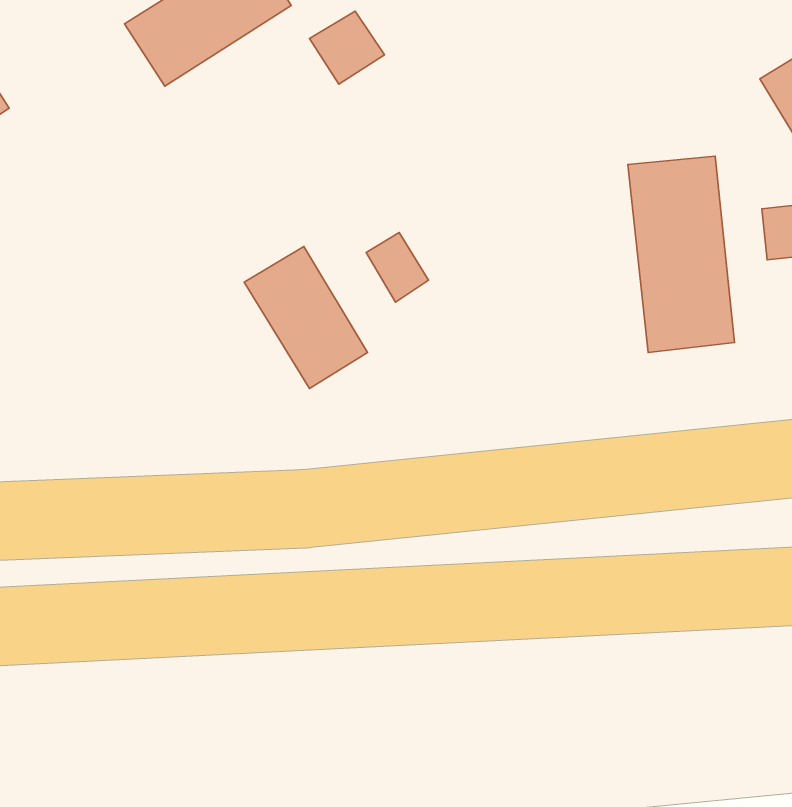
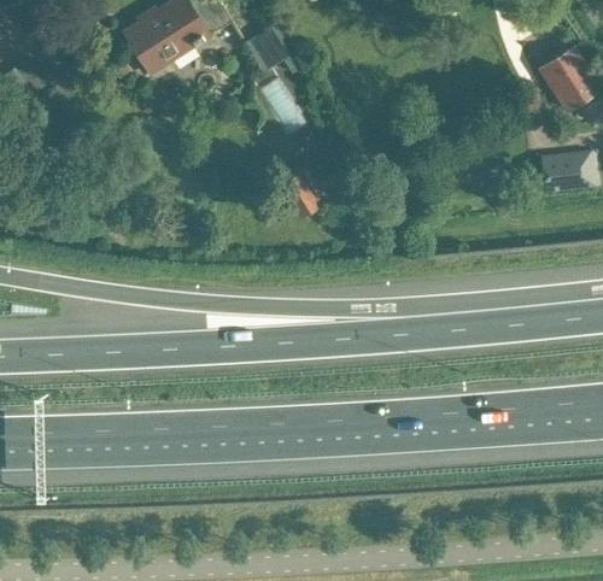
building: [628,156,734,353] -> none
building: [244,247,368,389] -> none

